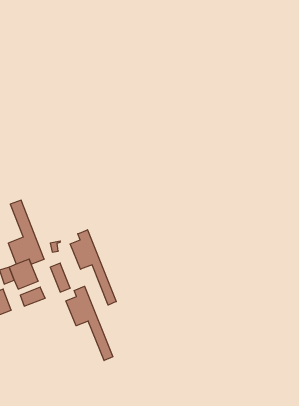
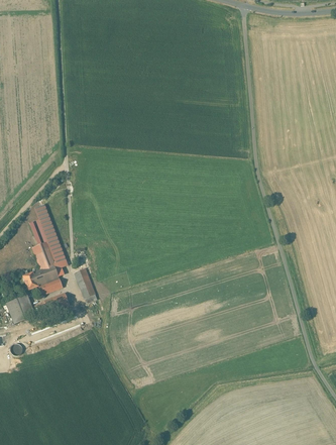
building: [70,230,116,305] -> none
building: [66,286,113,361] -> none

